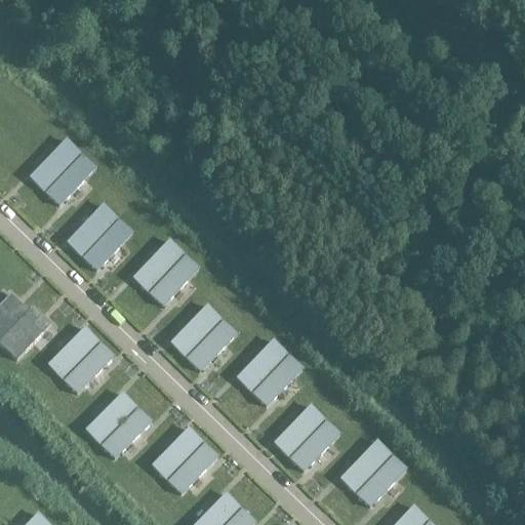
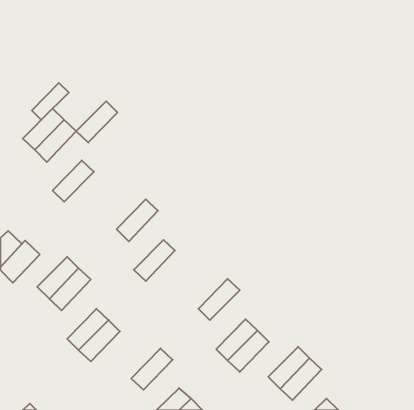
building: none -> [32,83,69,120]
building: [81,217,133,270] -> [76,101,117,143]
building: [132,238,185,290] -> none
building: [185,317,237,370] -> none
building: [236,338,288,391] -> none
building: [151,427,203,479] -> none

